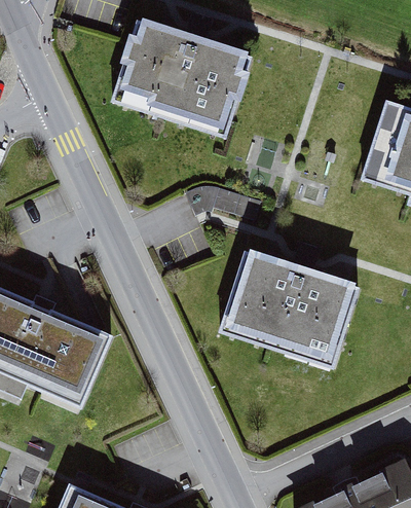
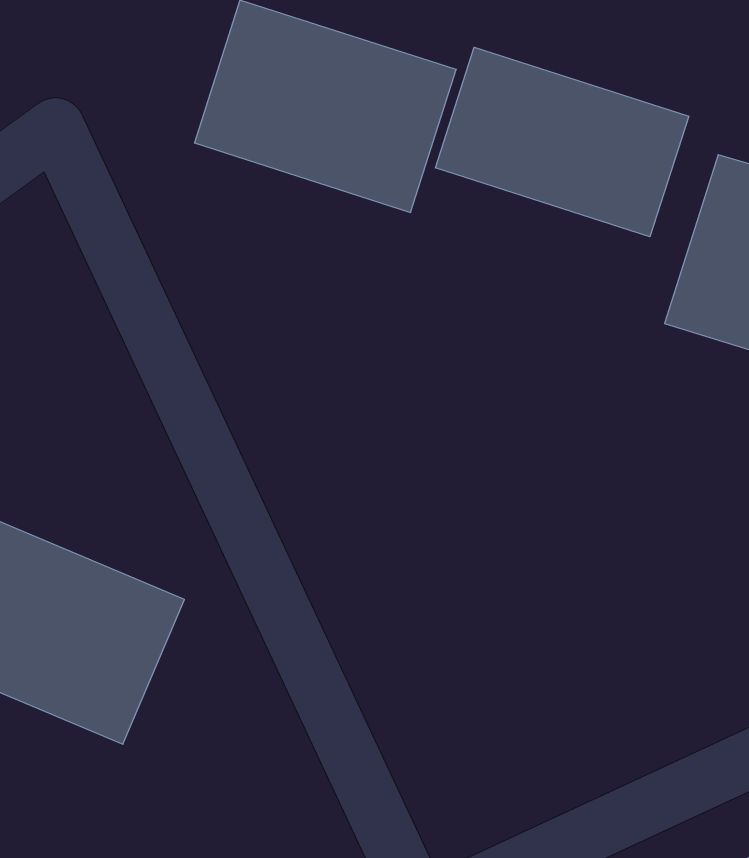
building: none -> [435,47,689,237]
building: [221,252,360,371] -> none

